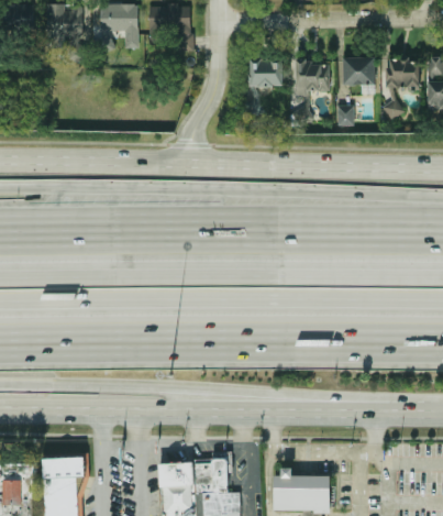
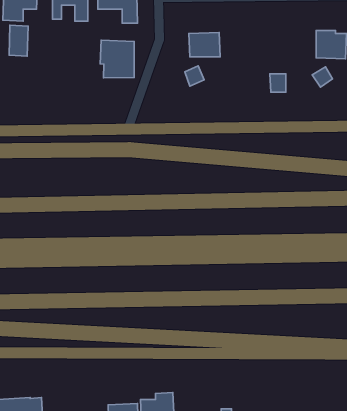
building: none -> [9,25,28,56]
building: [342,57,374,94] -> none
building: [295,61,329,123] -> none
building: none -> [100,40,134,78]

